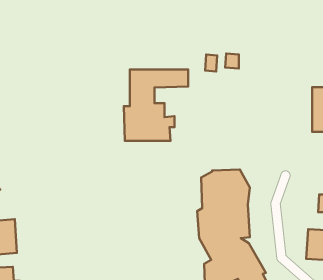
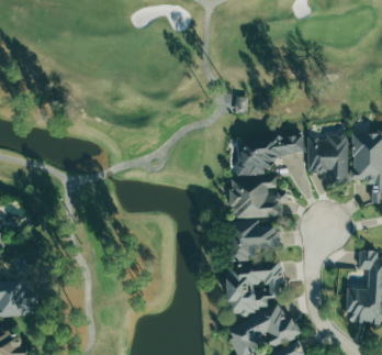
building: [124,70,188,141] -> [232,138,303,218]
building: none -> [310,135,348,178]

